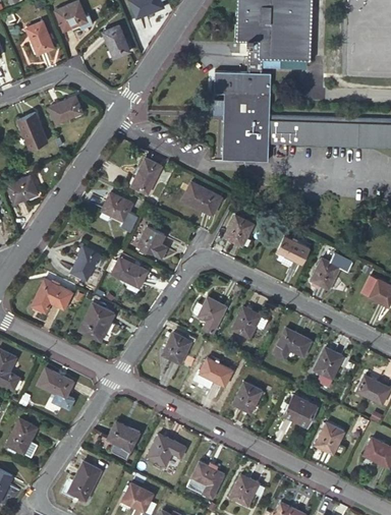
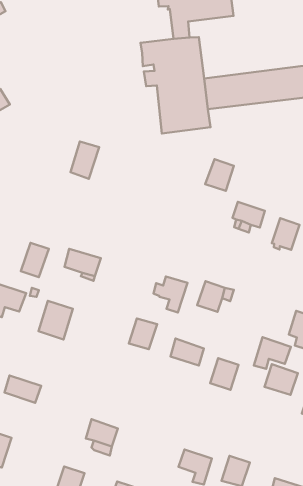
building: [103,24,129,57] -> none
building: [182,181,221,214] -> none
building: [102,192,133,222] -> none
building: [224,214,254,245] -> [205,159,234,191]
building: [136,226,167,258] -> none
building: [274,327,312,357] -> [254,337,291,369]
building: [149,434,186,464] -> none

